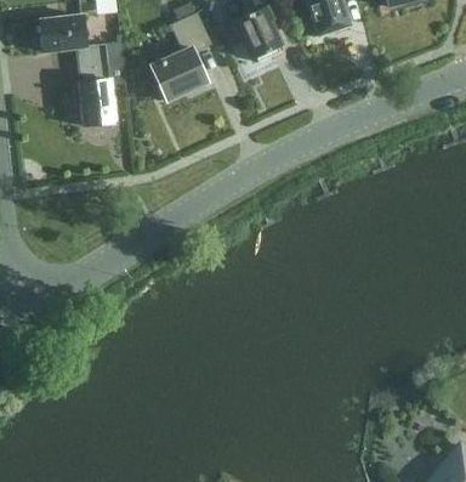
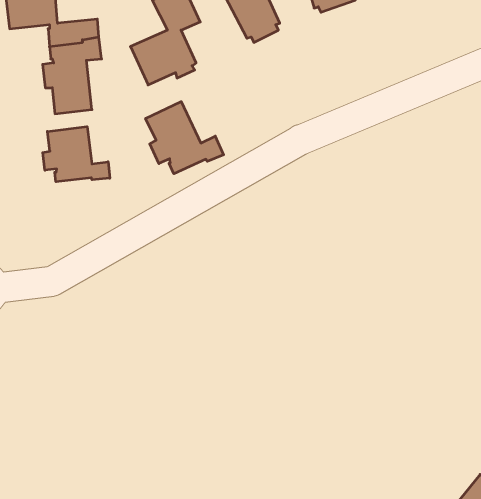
building: none -> [146,102,224,174]
building: none -> [43,127,110,182]

